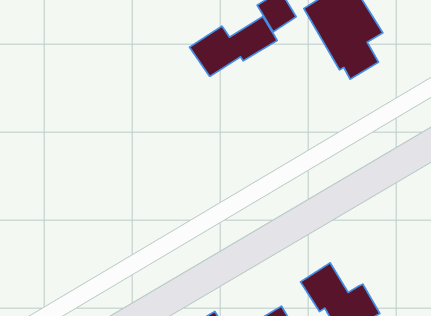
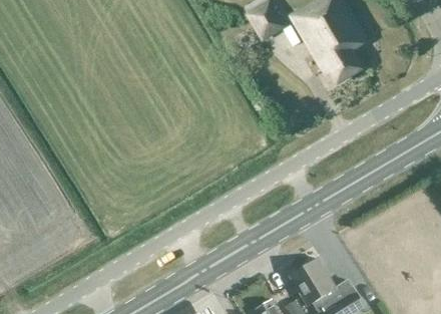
building: [190,17,277,76] -> none

